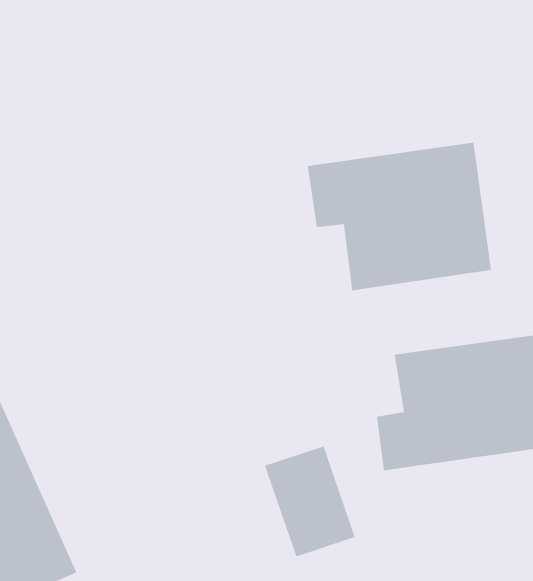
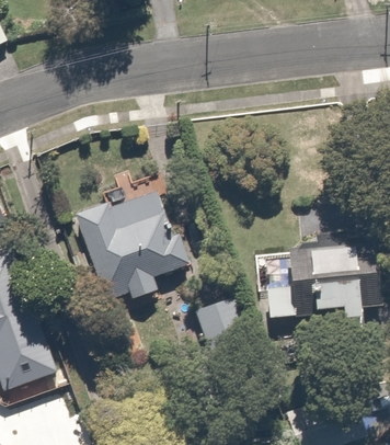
building: [307,142,492,291] -> none
building: none -> [65,204,183,301]

